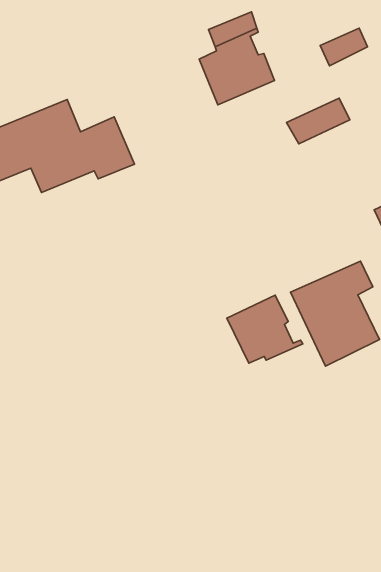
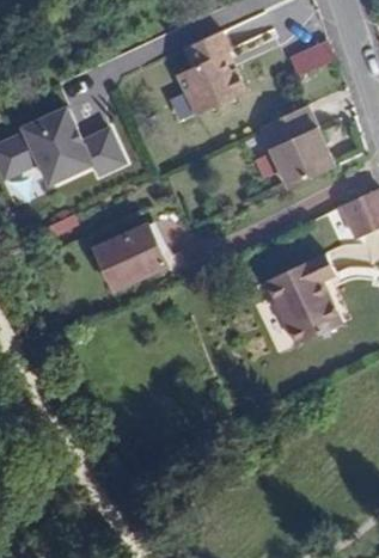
building: none -> [271,125,335,185]
building: none -> [93,227,164,292]
building: [227,295,303,363] -> none

